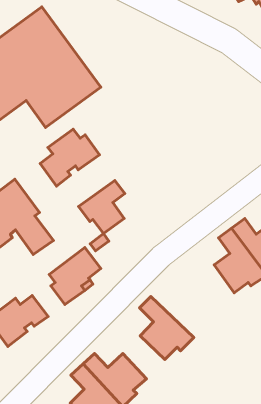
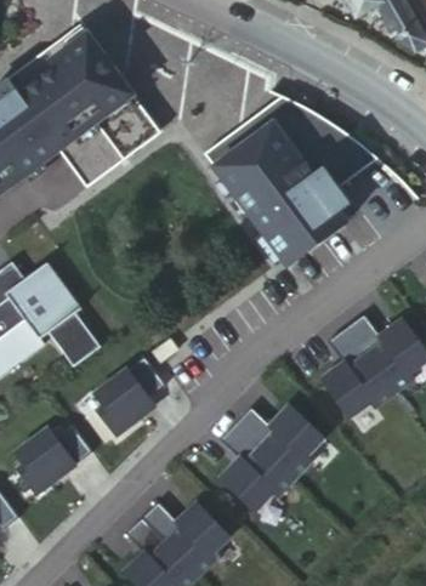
building: none -> [206,97,379,267]
building: [40,129,99,186] -> none
building: [79,180,125,233] -> none
building: none -> [234,406,323,480]

